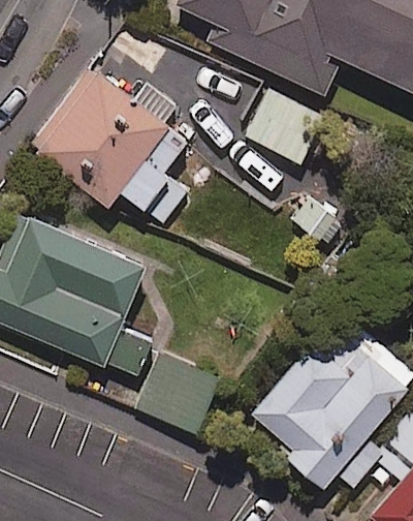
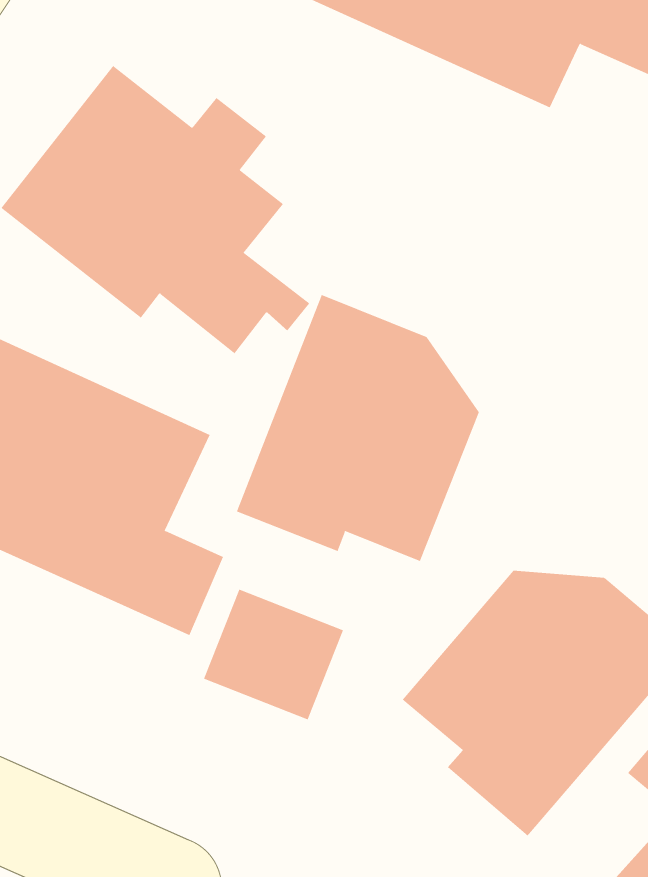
building: none -> [236,294,479,562]

